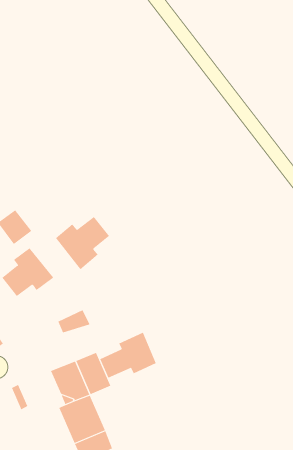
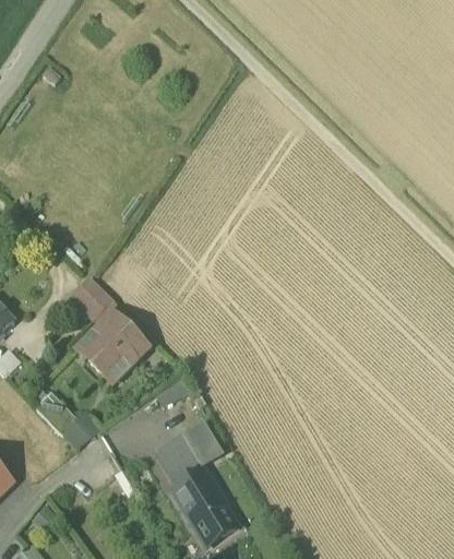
building: [55,216,110,270] -> none
building: [99,332,157,378] -> none

